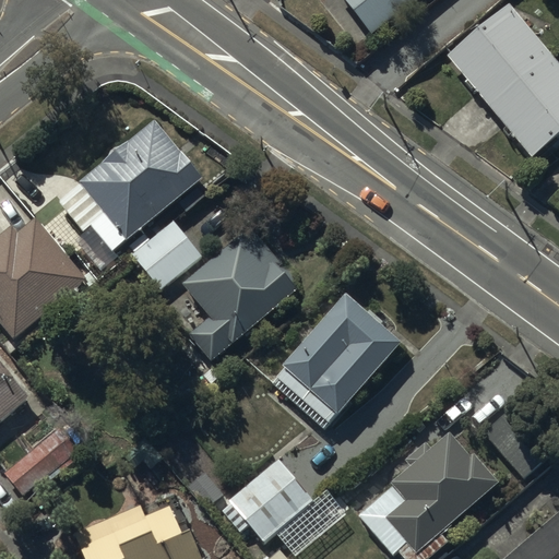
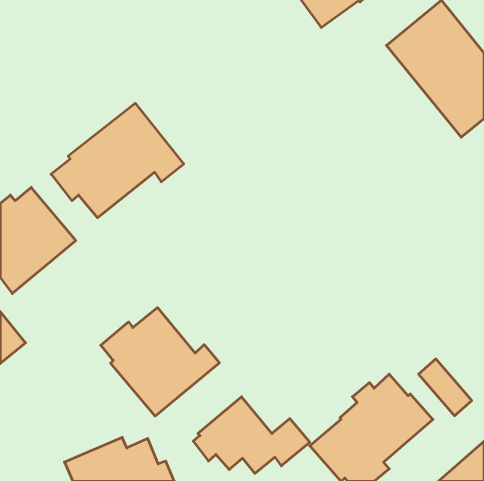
building: [129,221,204,290] -> none
building: [181,228,300,360] -> none
building: [271,294,401,430] -> none
building: none -> [101,308,219,416]
building: [5,431,73,496] -> none

